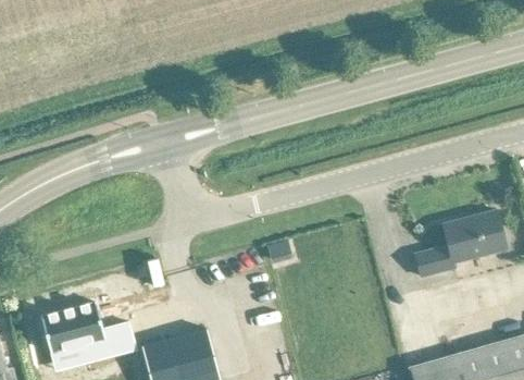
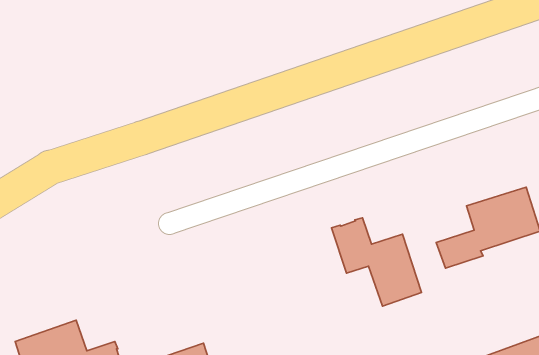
building: none -> [332,218,421,306]

